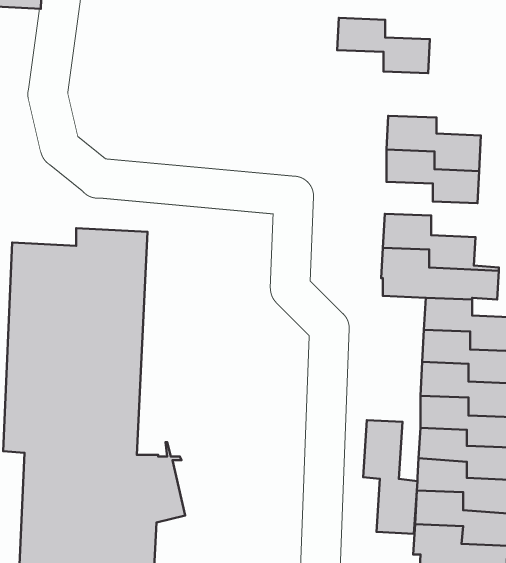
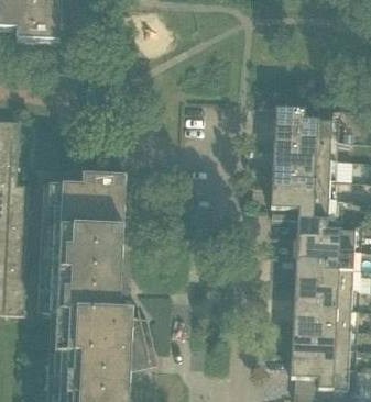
building: [337,18,430,73] -> [273,145,330,179]
building: [363,420,417,534] -> none

